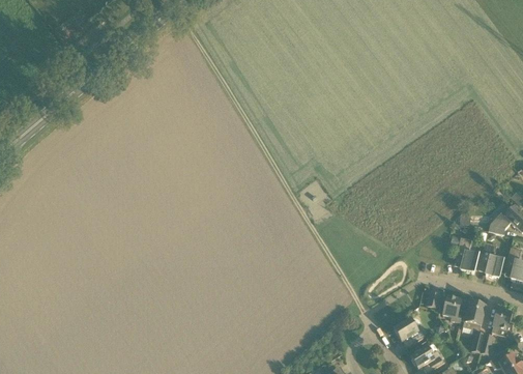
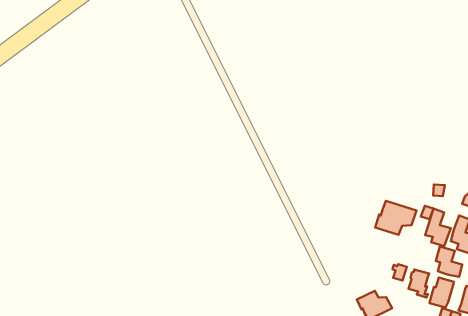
building: none -> [375,201,416,235]
building: none -> [436,247,462,277]

